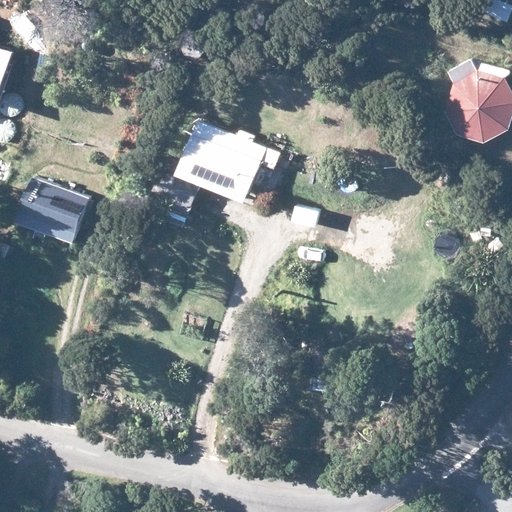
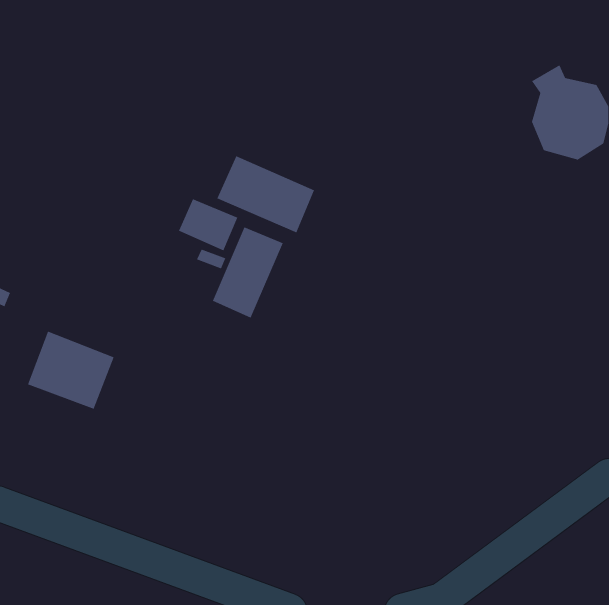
building: [18,176,91,242] -> [27,331,115,410]
building: none -> [212,226,283,318]

